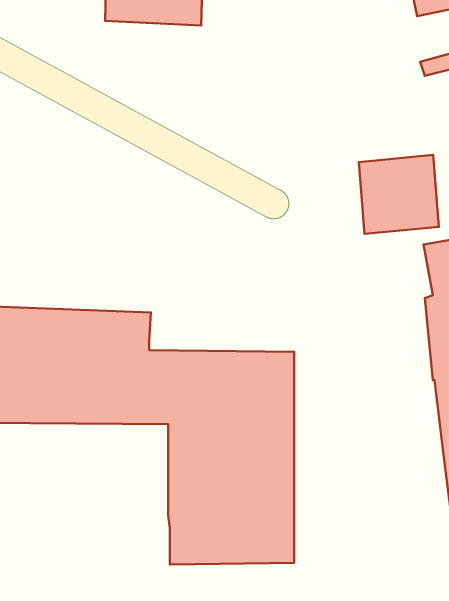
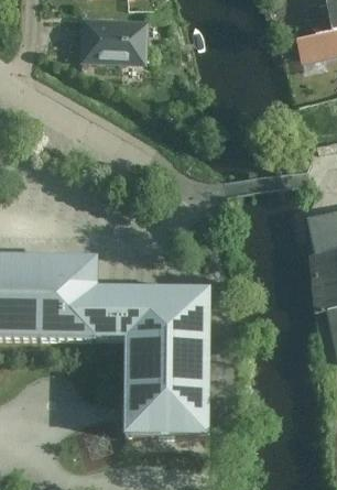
building: [359,155,439,234] -> none

